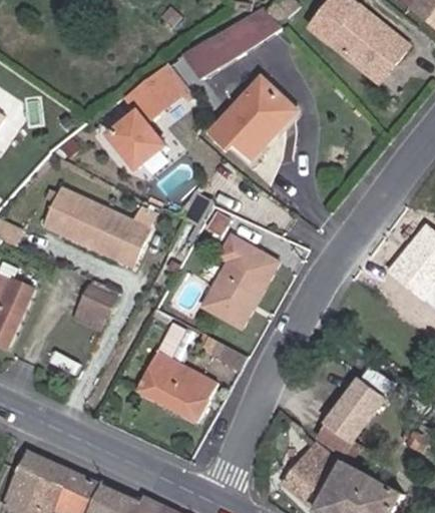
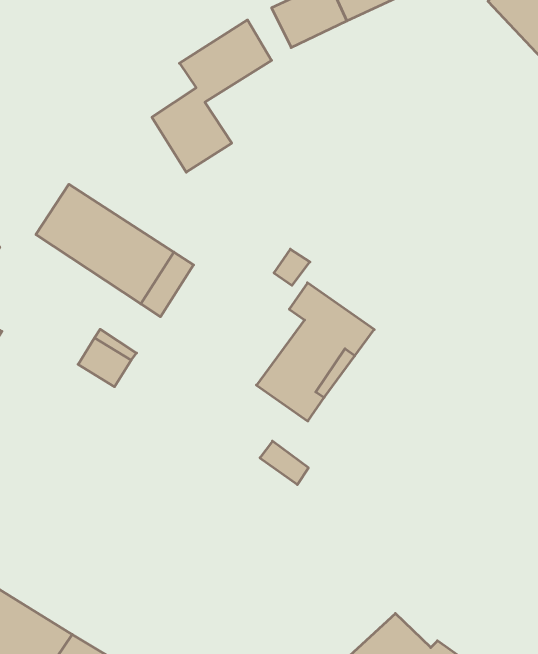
building: [211,79,287,155] -> none
building: [137,326,215,421] -> none
building: [318,380,385,455] -> none

